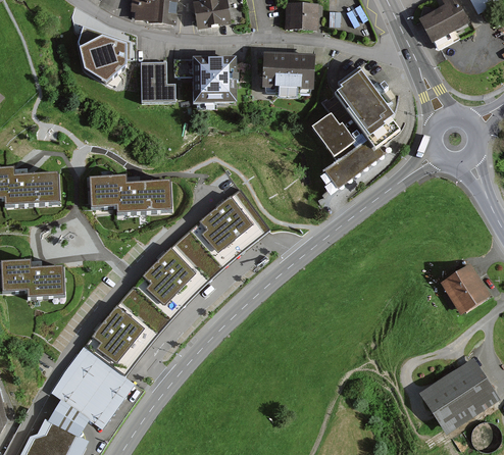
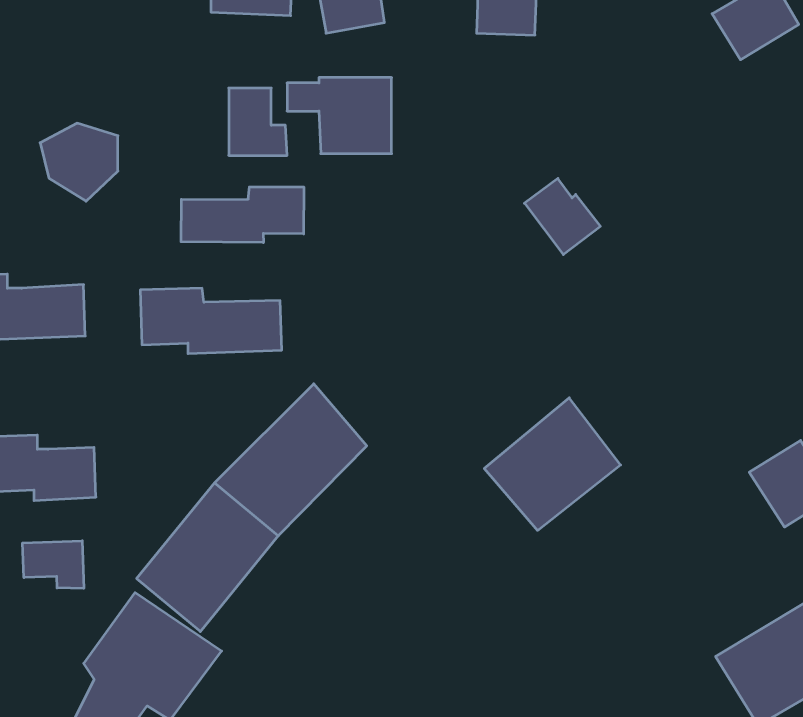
building: [79,33,123,78] -> [40,123,118,201]
building: [261,53,313,90] -> none
building: [322,68,399,188] -> none
building: none -> [181,187,304,243]
building: [189,190,267,266] -> [484,398,621,530]
building: none -> [23,541,84,588]

